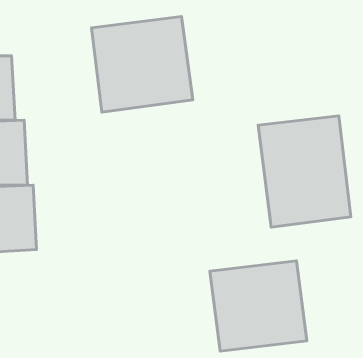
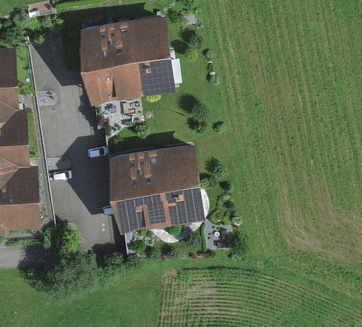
building: [258,116,351,227] -> none
building: [210,261,307,351] -> [114,149,200,229]

